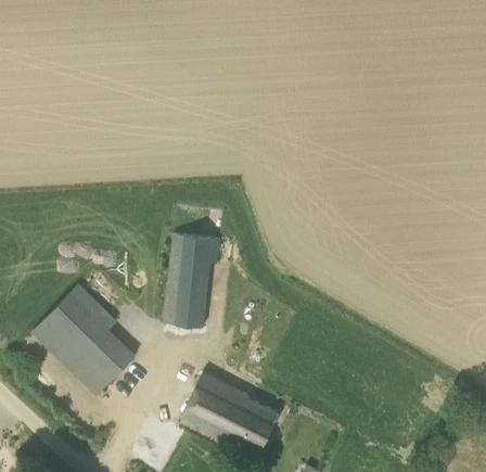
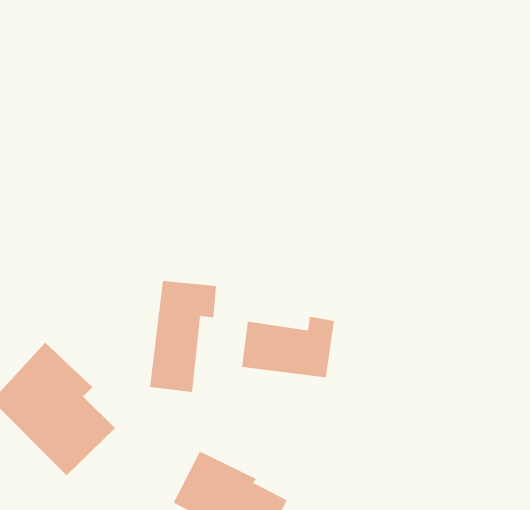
building: none -> [242,316,334,378]

